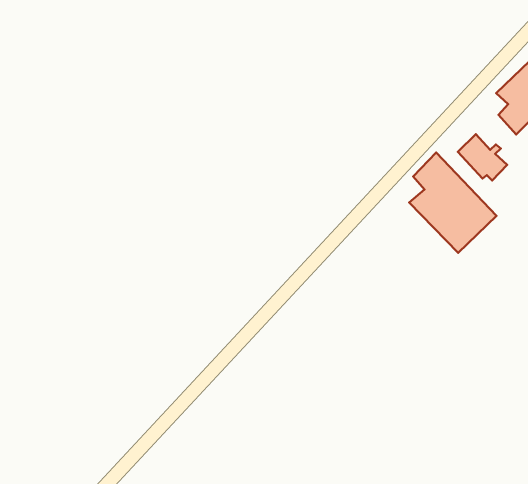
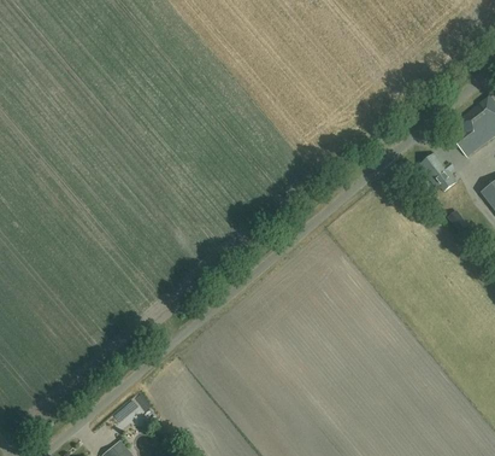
building: [409,153,496,253] -> none

